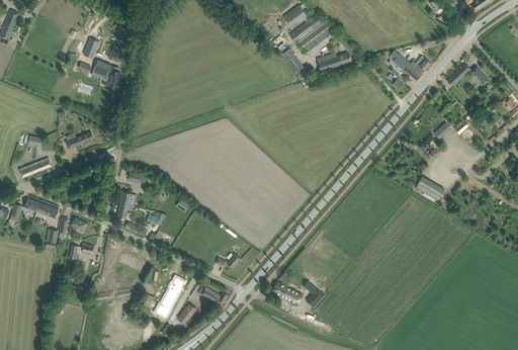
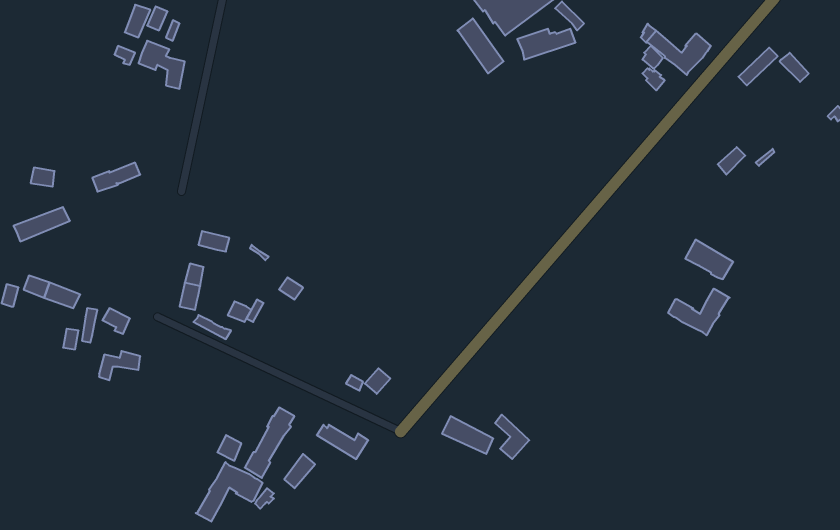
building: none -> [668,289,730,335]
building: none -> [196,462,263,522]

